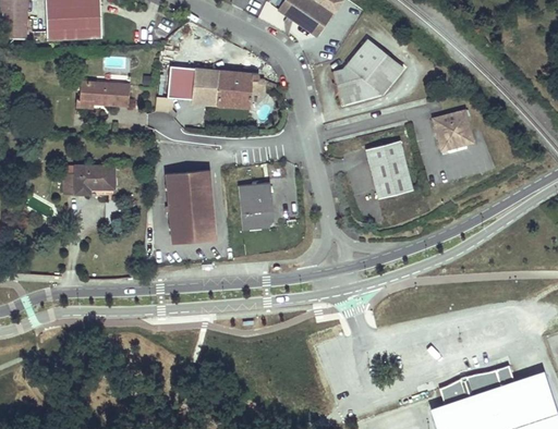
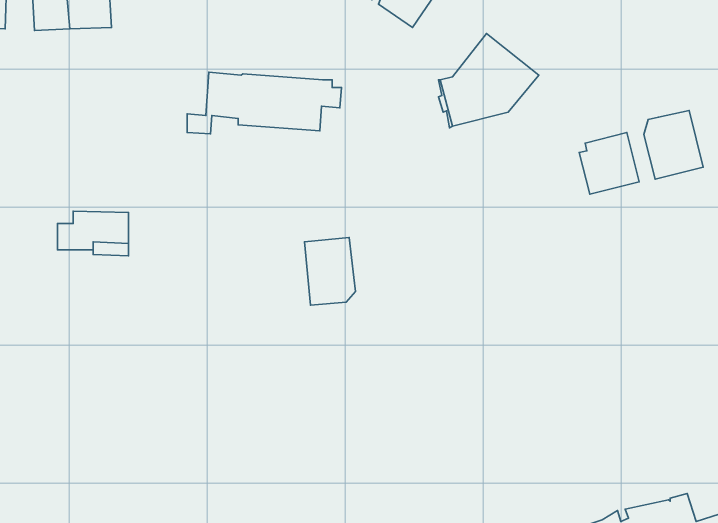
building: [76,81,130,108] -> none
building: none -> [644,111,703,179]
building: [365,142,414,200] -> none
building: [167,171,217,243] -> none

